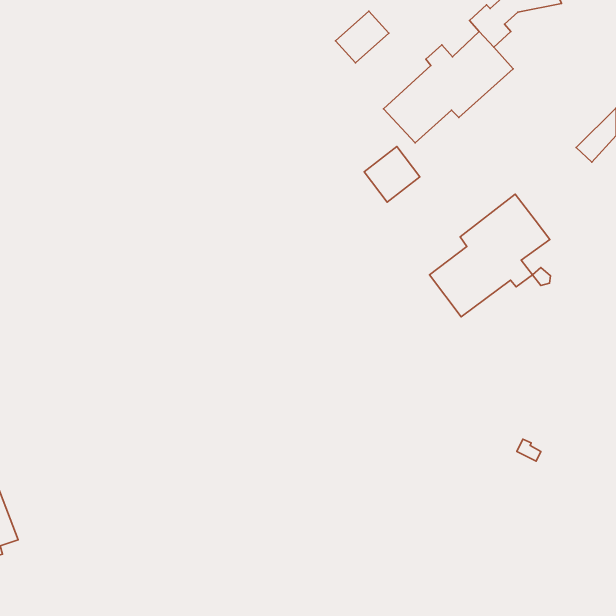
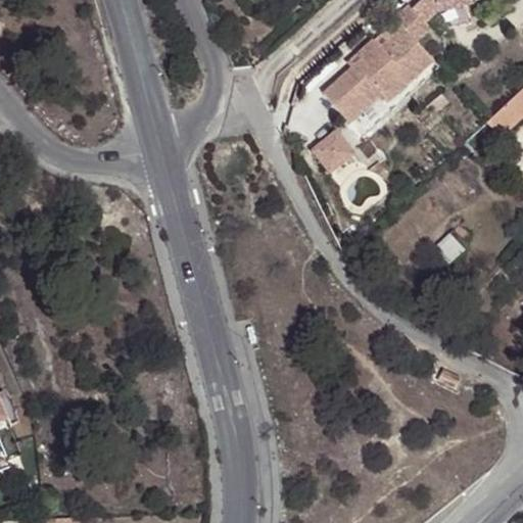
building: [335,11,389,63] -> none
building: [430,194,550,317] -> none

